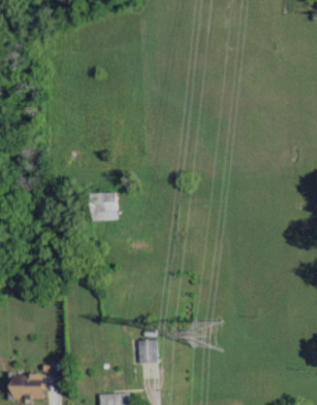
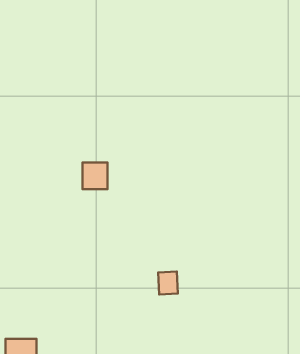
building: [137,339,158,363] -> [158,272,178,295]

